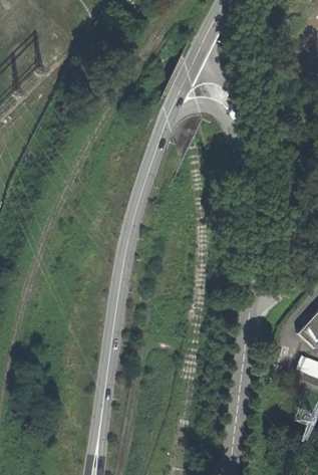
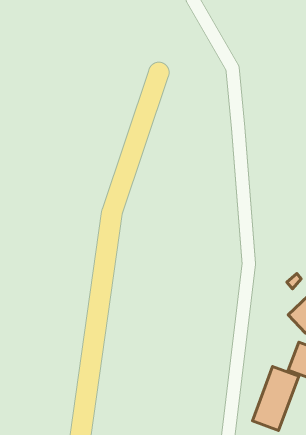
building: none -> [252,366,299,431]

